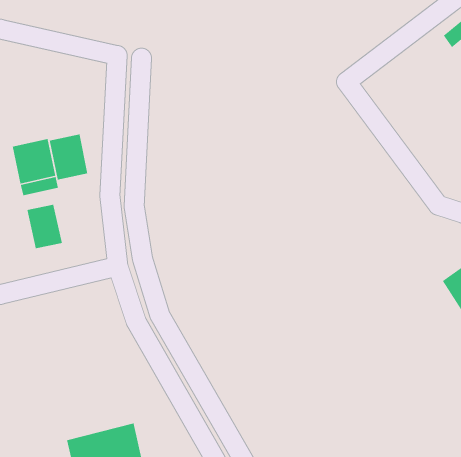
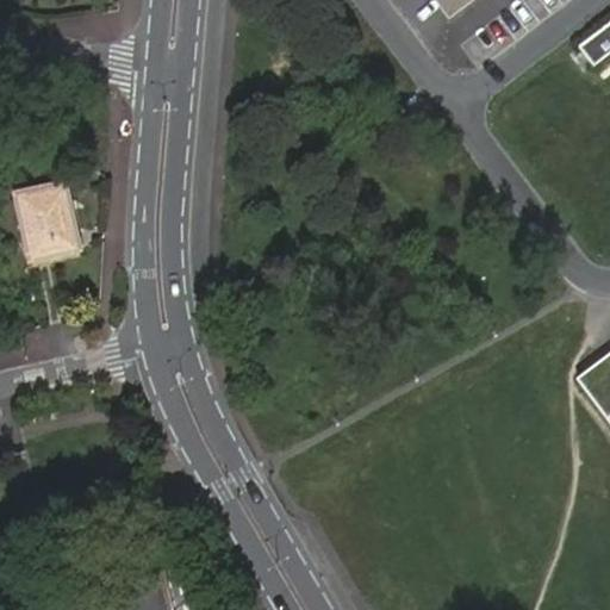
building: [49,133,88,180] -> none
building: [26,204,63,249] -> none

